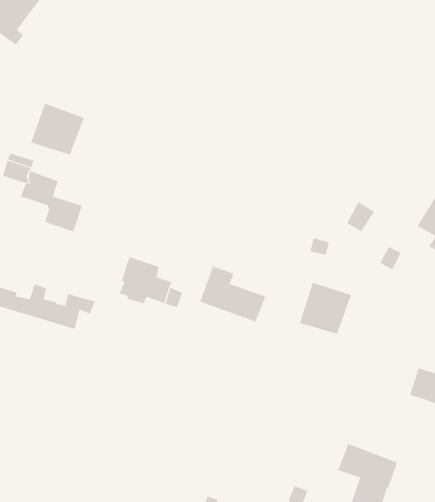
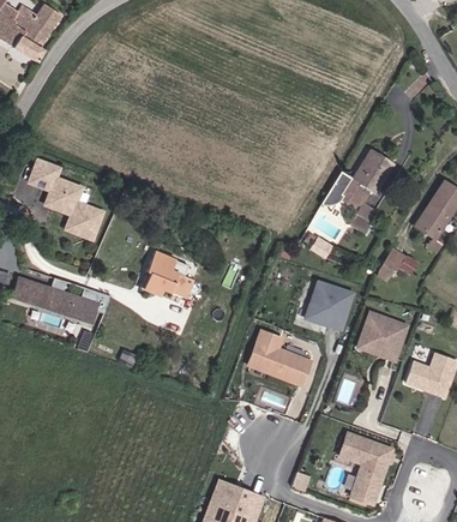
building: [31,103,85,155] -> none
building: none -> [320,149,392,210]
building: [200,266,266,322] -> [247,330,309,383]
building: none -> [355,311,410,366]

